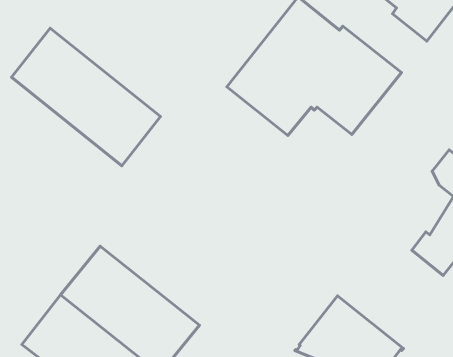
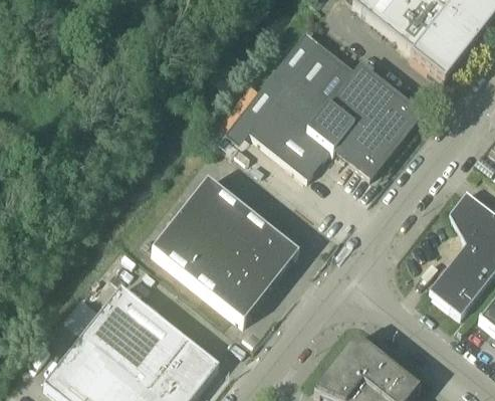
building: [11,28,161,166] -> none
building: none -> [152,178,298,322]

